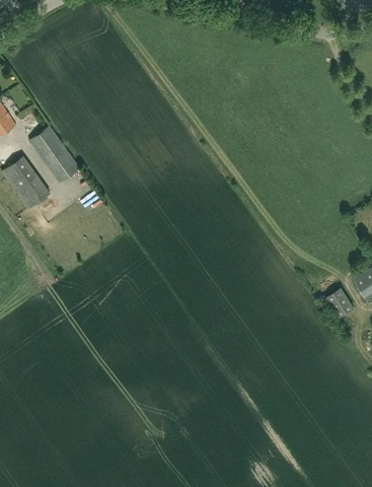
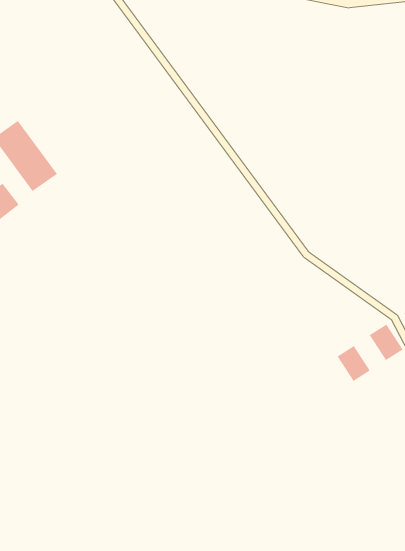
building: none -> [337,345,371,382]

